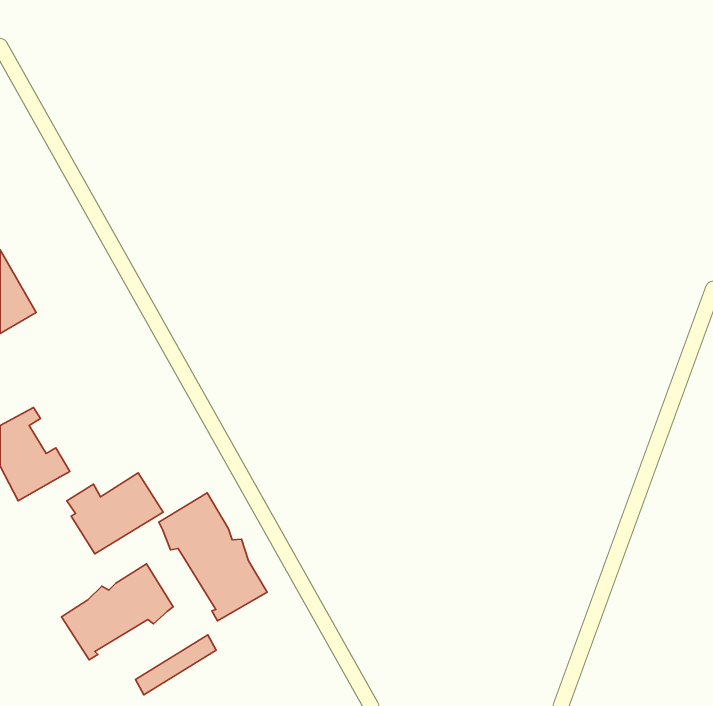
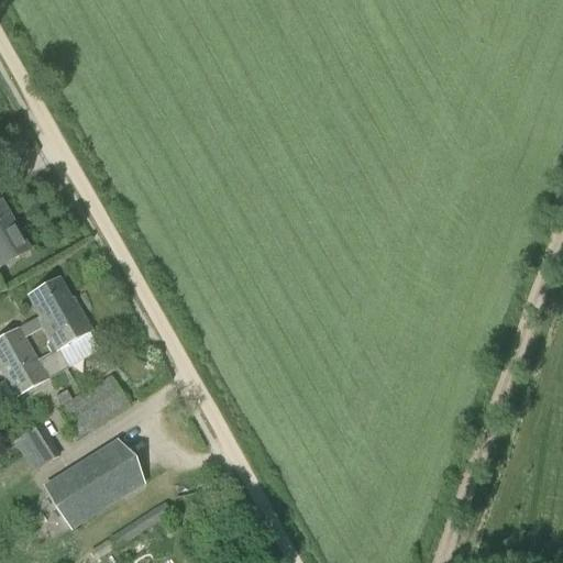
building: none -> [26,276,98,372]
building: [159,493,267,621] -> none
building: none -> [11,422,58,471]

